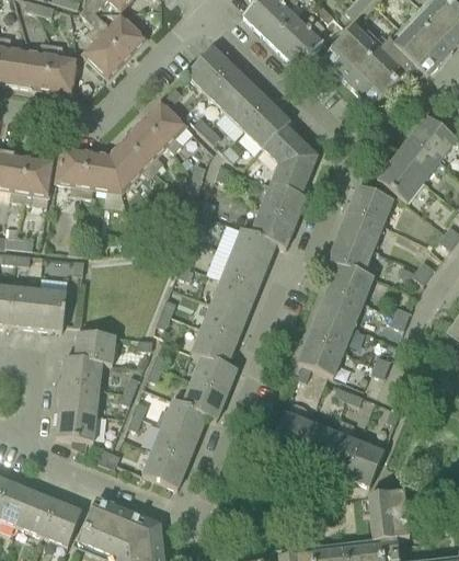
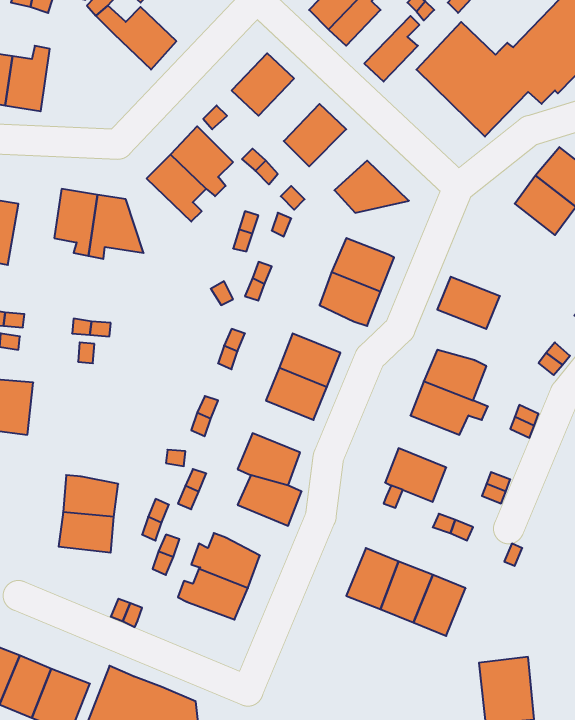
building: [271,13,318,54] -> none
building: [82,32,127,77] -> none
building: [46,43,78,92] -> none
building: [206,65,251,111] -> none
building: [243,102,290,147] -> none
building: [108,138,157,193] -> none
building: [271,154,317,194] -> none
building: [22,157,55,203] -> none
building: [377,157,424,202] -> none
building: [347,184,393,225] -> none
building: [231,227,276,266] -> none
building: [328,234,374,272] -> none
building: [36,288,67,329] -> none
building: [202,301,246,340] -> none
building: [309,312,354,351] -> none
building: [76,331,116,364] -> none
building: [182,378,228,420] -> none
building: [57,409,97,440] -> none
building: [344,439,385,485] -> none
building: [142,449,188,489] -> none

